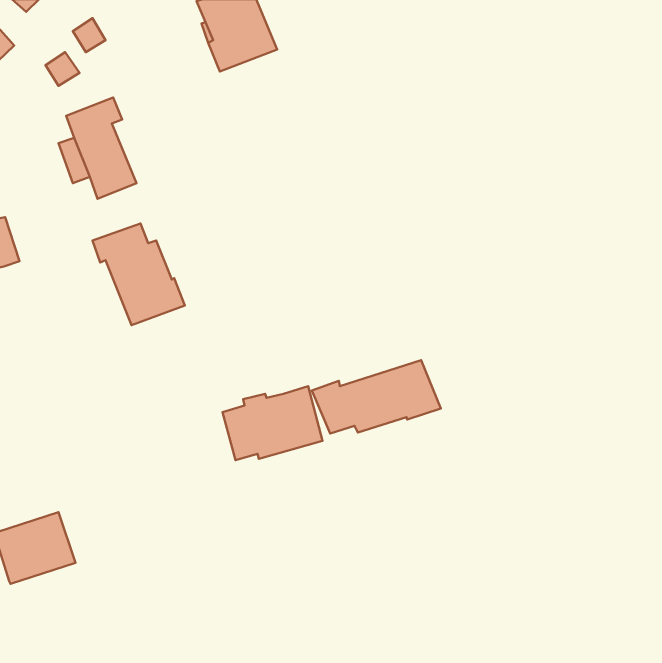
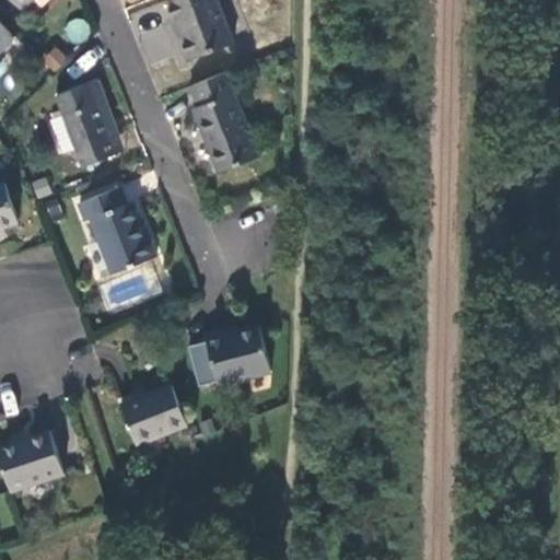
building: none -> [189,69,257,172]
building: [312,360,441,433] -> none
building: none -> [120,384,187,444]

